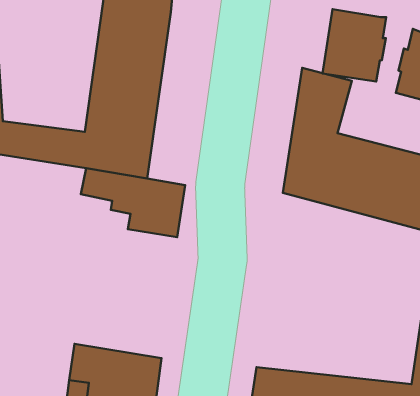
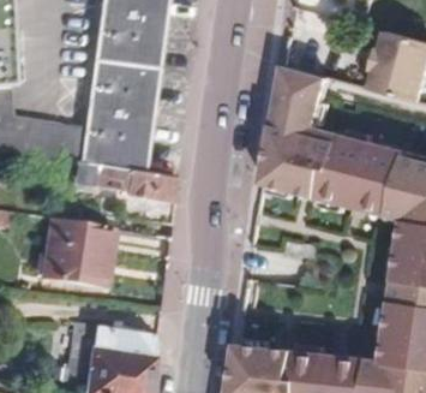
building: [323,9,386,81] -> none
building: none -> [36,219,107,286]

